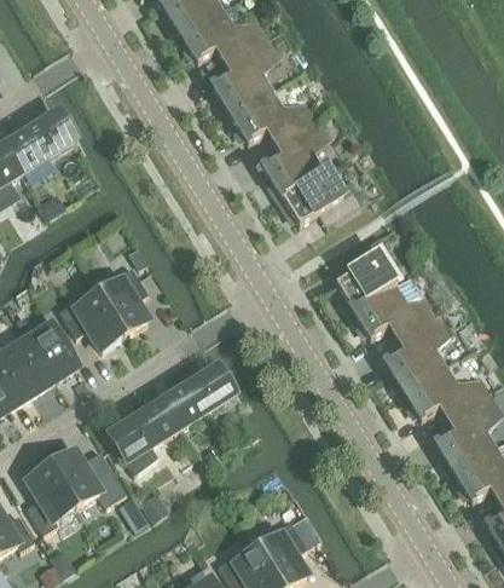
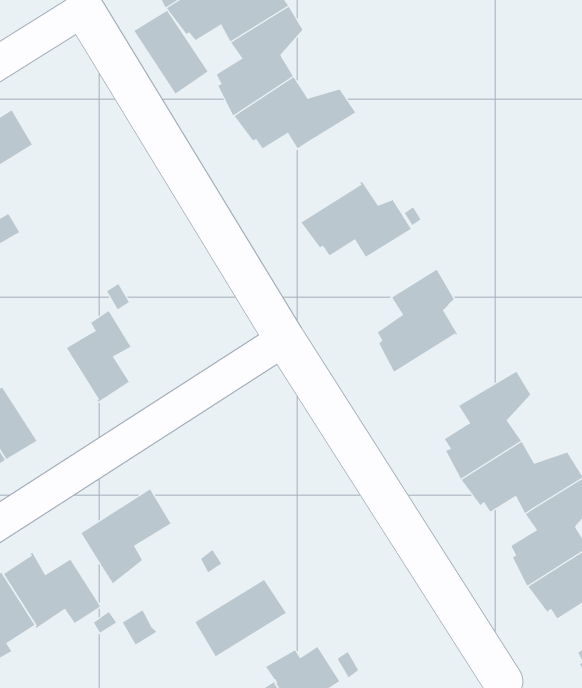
building: none -> [134,10,208,94]
building: [263,114,330,197] -> none
building: [348,282,441,336] -> none
building: [59,290,123,347] -> none
building: [163,367,233,426] -> [194,579,287,657]

